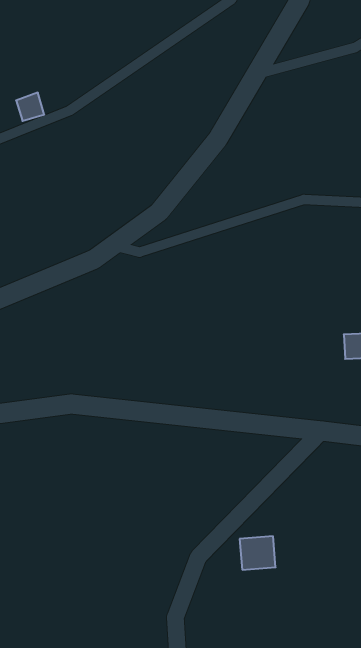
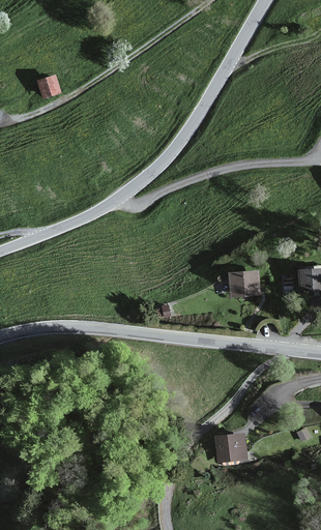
building: none -> [230,271,258,294]

